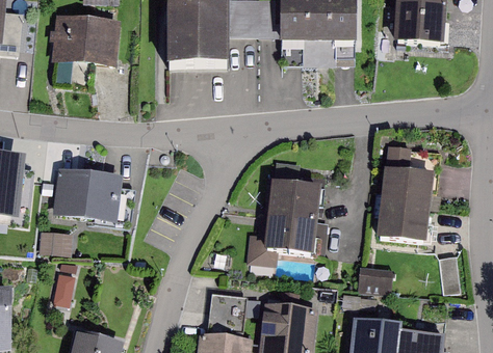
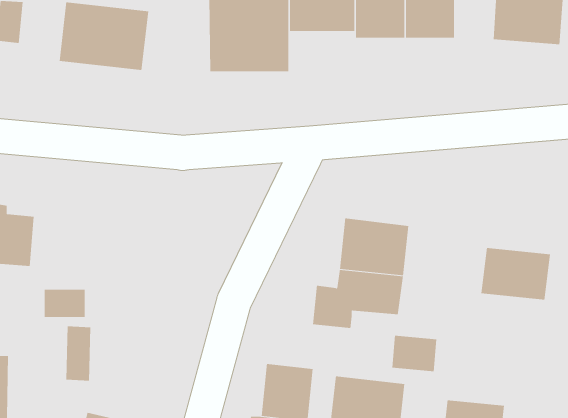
building: [381,166,435,207] -> none
building: [51,169,120,225] -> none
building: [357,268,392,296] -> [391,335,437,372]

